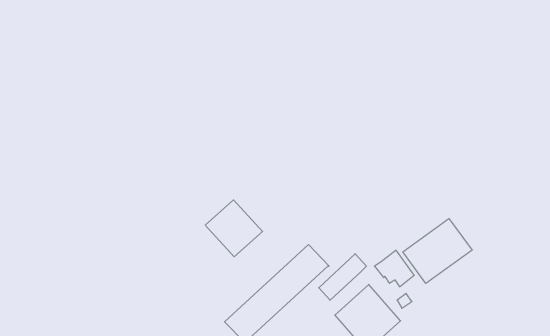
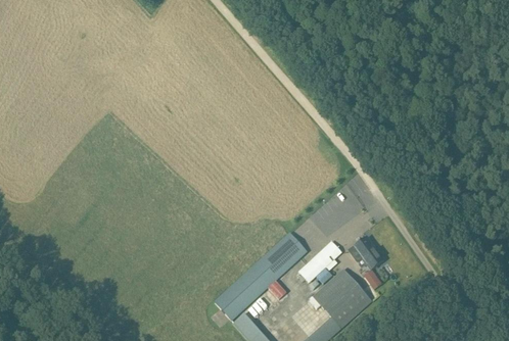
building: [205,200,263,257] -> none
building: [403,219,472,283] -> none

